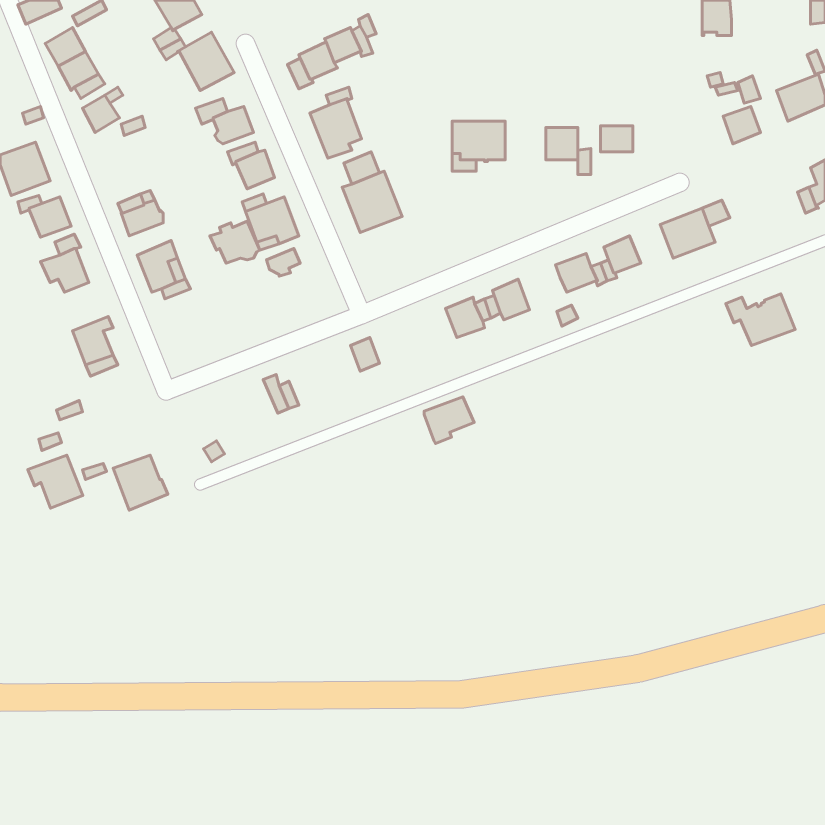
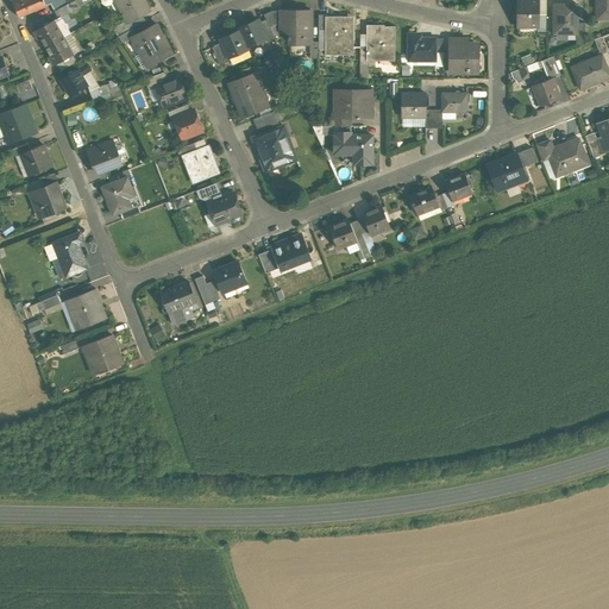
building: none -> [554,5,578,31]
building: none -> [281,11,310,44]
building: none -> [325,17,353,54]
building: none -> [368,26,394,59]
building: none -> [408,33,435,61]
building: none -> [450,39,478,70]
building: none -> [334,136,372,164]
building: [210,221,260,263] -> [206,193,243,224]
building: [726,294,795,346] -> [538,138,589,176]
building: none -> [215,262,247,293]
building: none -> [159,282,195,325]
building: [424,397,474,444] -> [272,236,309,270]
building: [28,455,83,508] -> [65,289,106,328]

